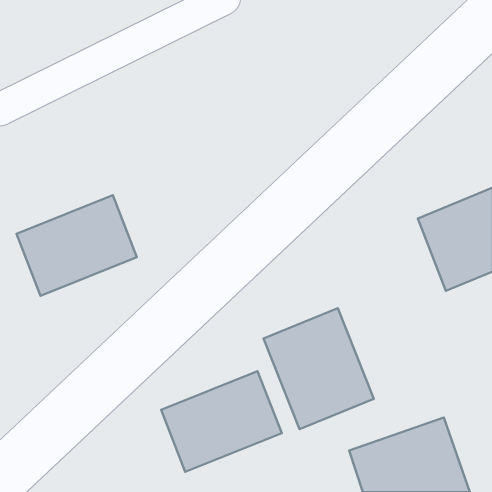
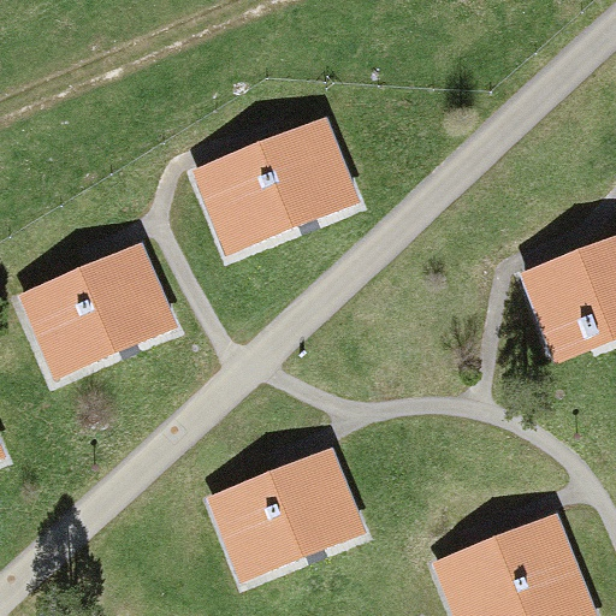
building: none -> [195,116,360,253]
building: [263,308,374,429] -> none

